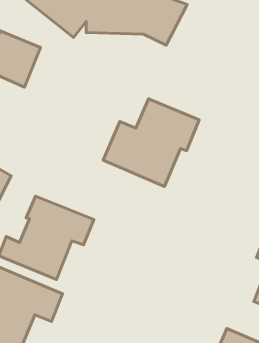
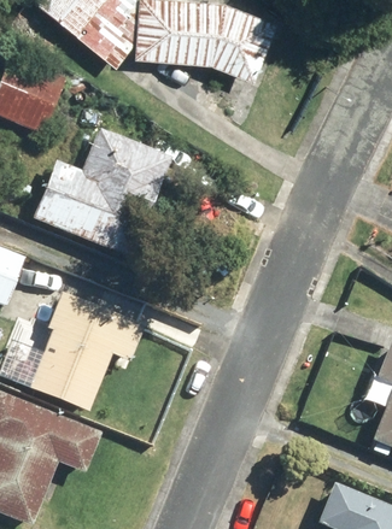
building: [103,99,199,186] -> [33,129,170,254]

